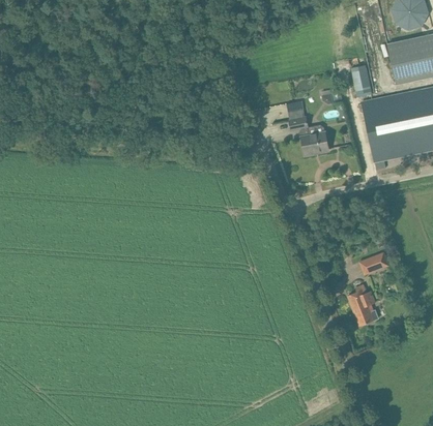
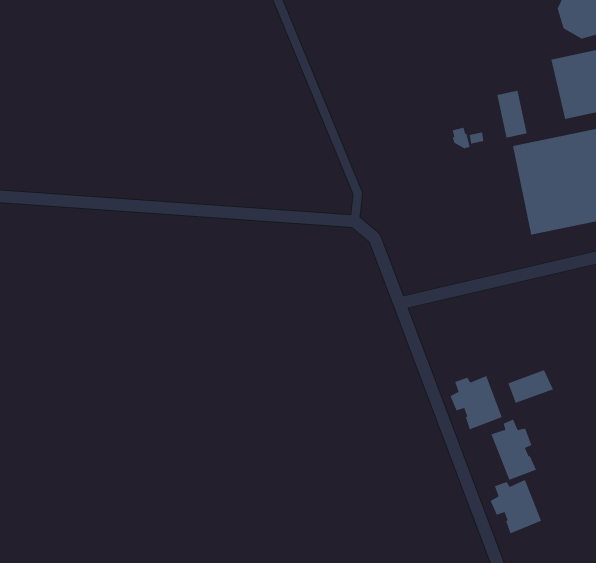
building: [287,100,328,155] -> none
building: none -> [450,375,502,430]
building: none -> [490,479,542,534]

